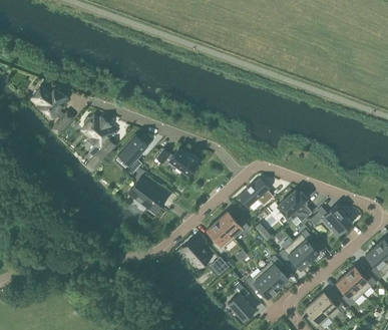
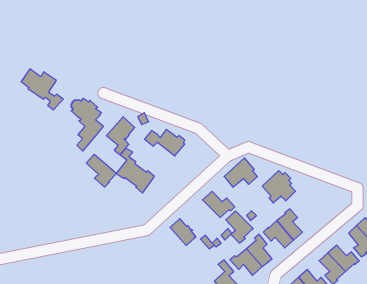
building: none -> [86,154,116,187]
building: [310,206,352,233] -> none
building: [207,221,235,254] -> [226,211,253,243]

